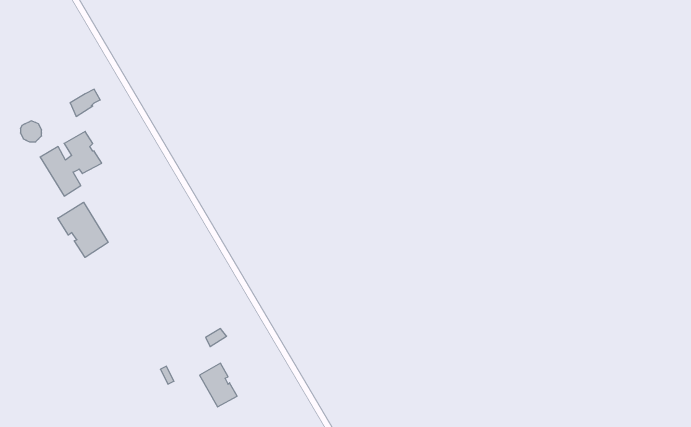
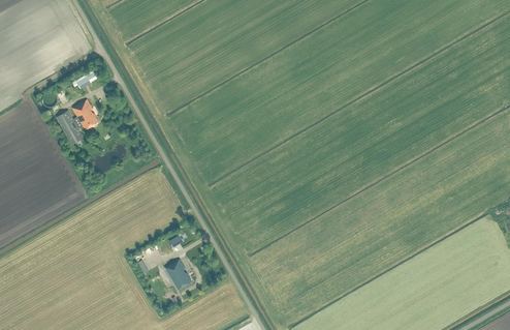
building: [58,202,108,257] -> none

